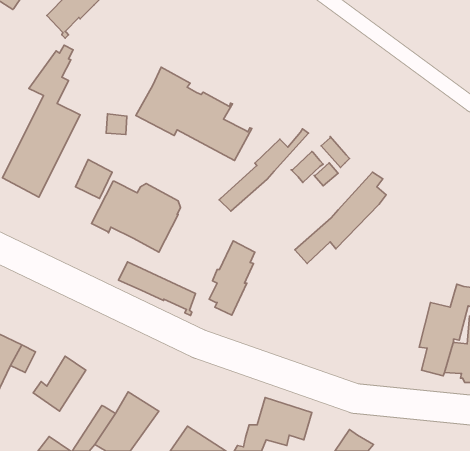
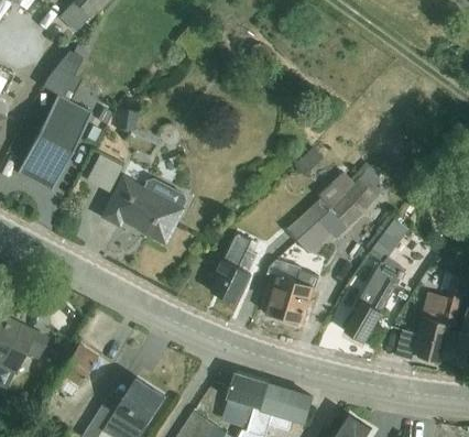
building: [136,67,252,160] -> none
building: [219,129,308,211] -> [285,163,371,242]
building: none -> [345,215,408,343]
building: [119,262,196,315] -> none
building: none -> [265,260,318,325]
building: none -> [227,374,268,423]

